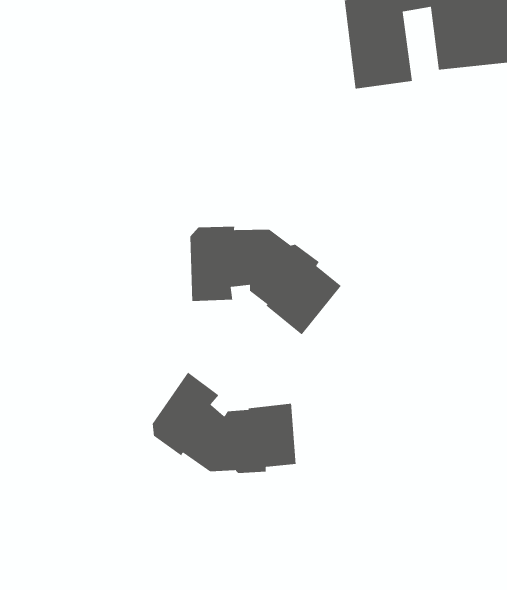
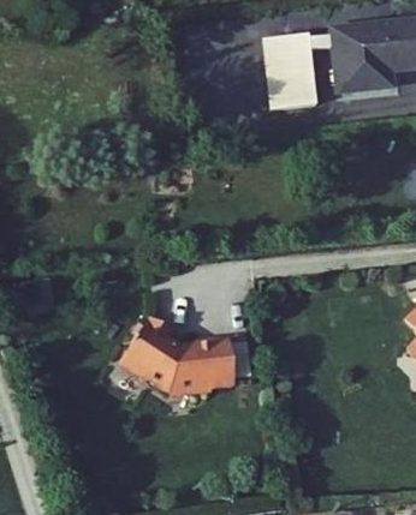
building: [190,226,342,335] -> none

